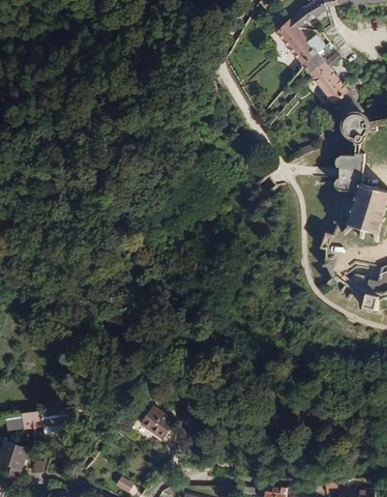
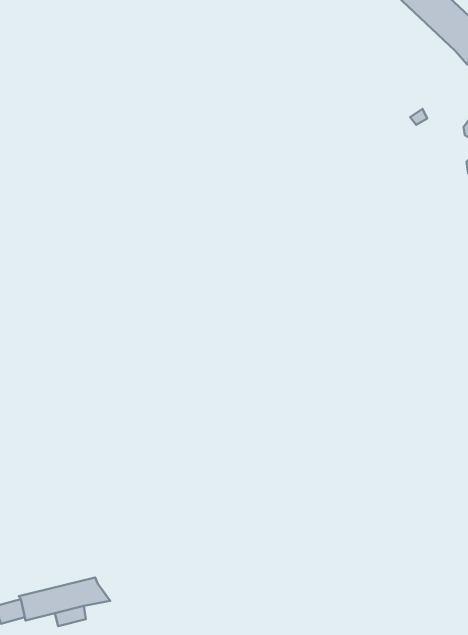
building: [139,404,174,438] -> none

